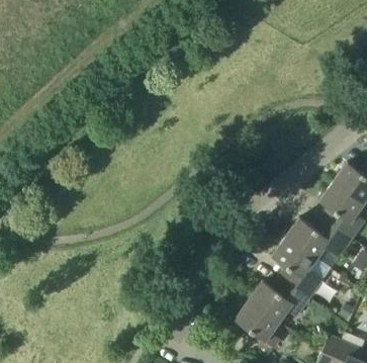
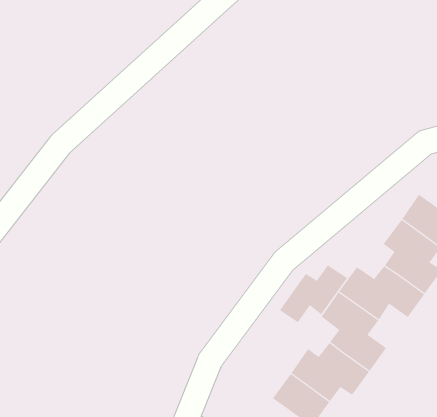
building: none -> [279,265,348,323]

